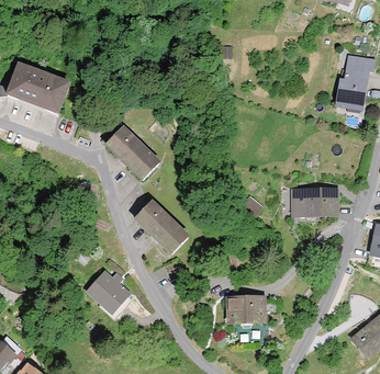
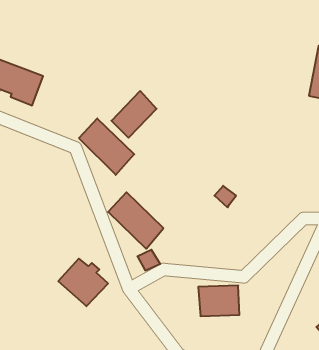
building: none -> [111,91,157,138]
building: [290,186,339,217] -> none

